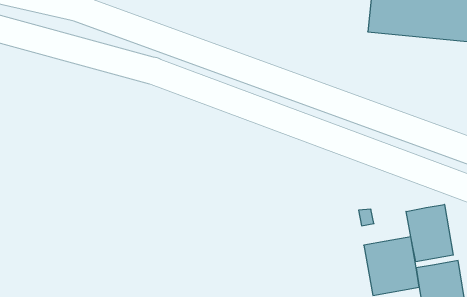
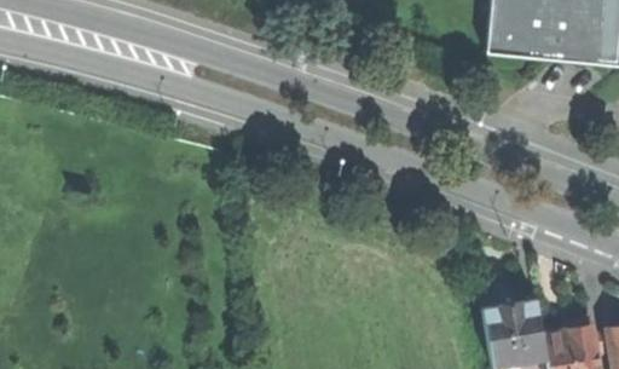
building: [406,204,453,262] -> none

